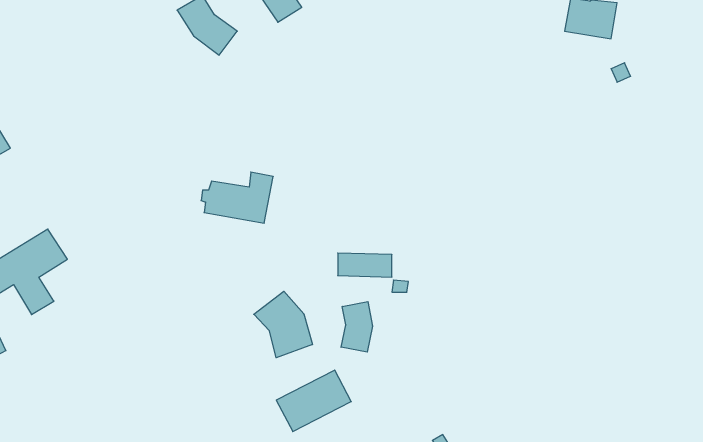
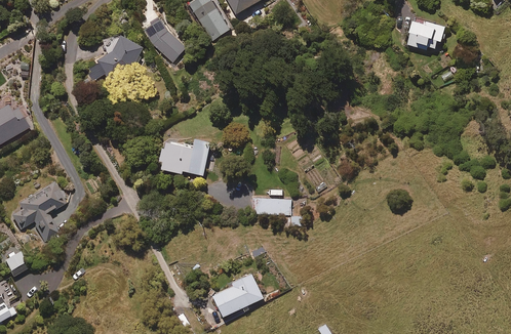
building: none -> [99,33,142,81]
building: [254,291,312,358] -> none
building: [341,302,372,352] -> none

